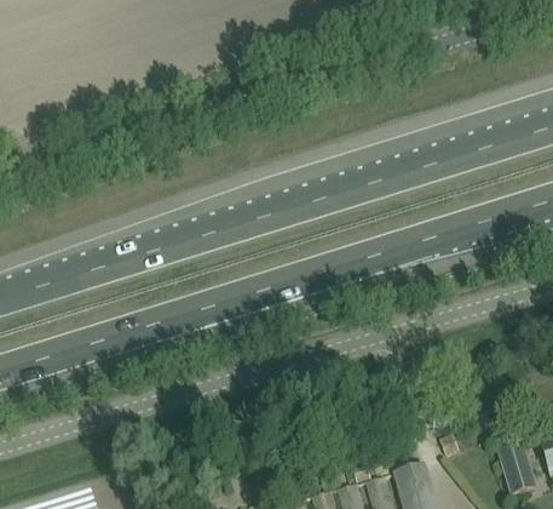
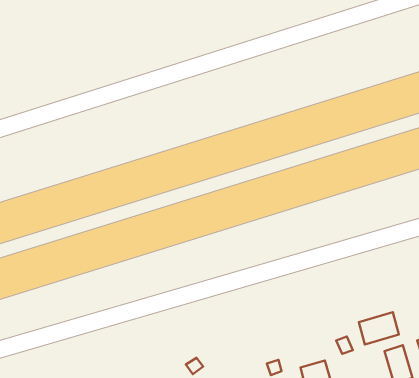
building: none -> [359,312,399,345]

